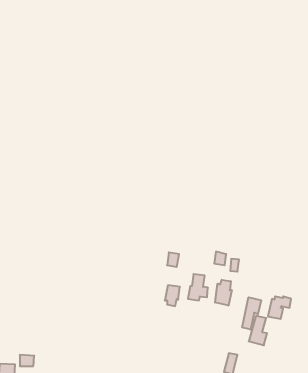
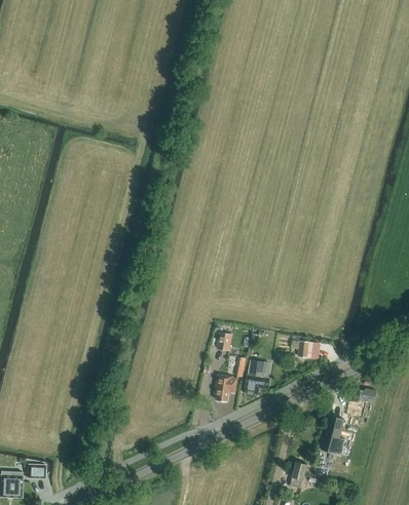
building: [215,280,232,306] -> none
building: [242,297,261,330] -> none

